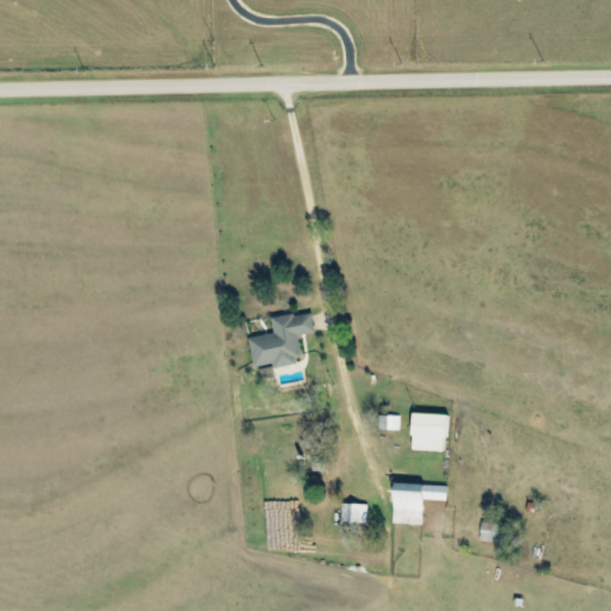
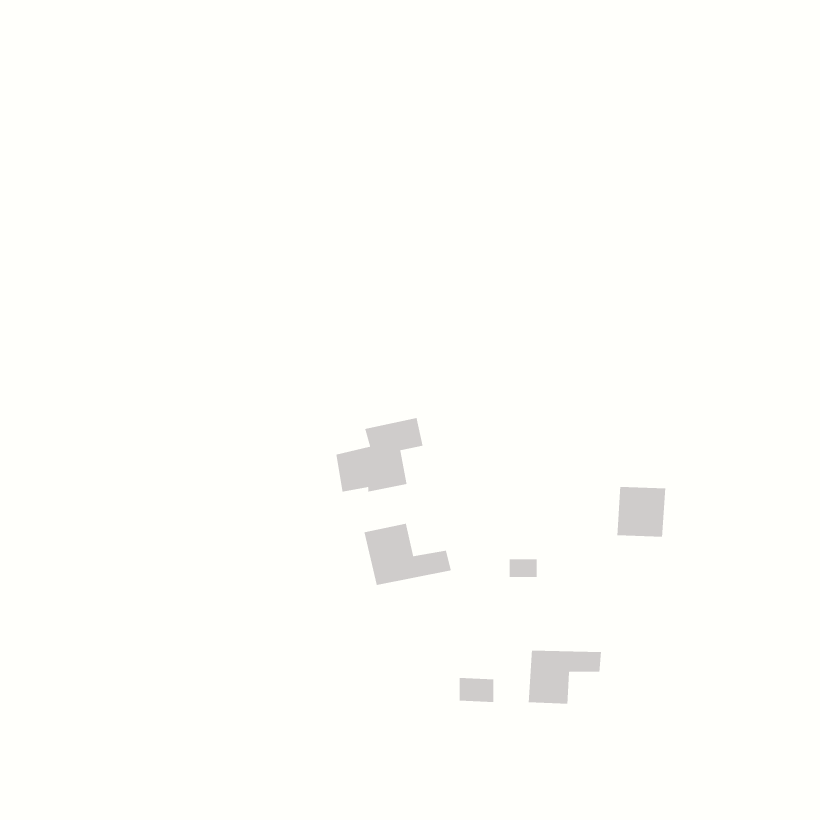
building: none -> [363,523,452,586]
building: [411,413,448,451] -> [616,486,666,538]

